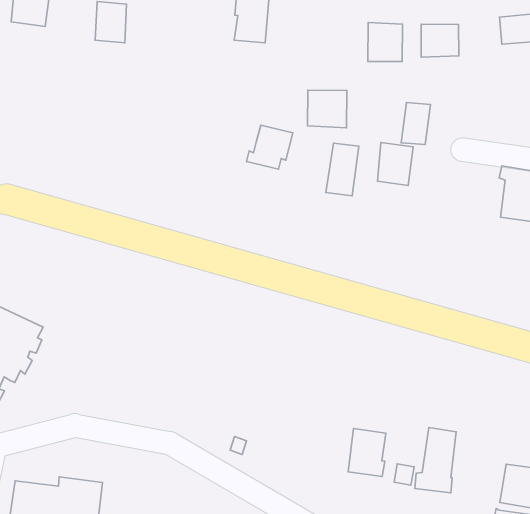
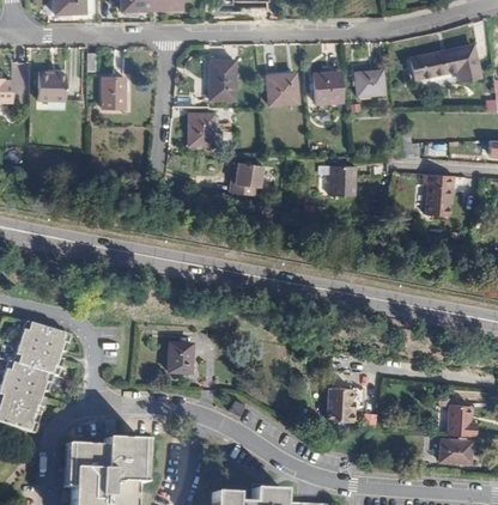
building: none -> [188,112,213,144]
building: [308,90,347,128] -> [265,74,297,104]
building: [401,103,430,145] -> none
building: [326,143,359,196] -> none
building: none -> [171,341,195,372]
building: [415,427,456,493] -> none

